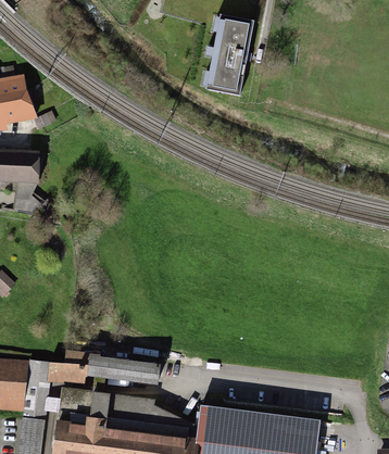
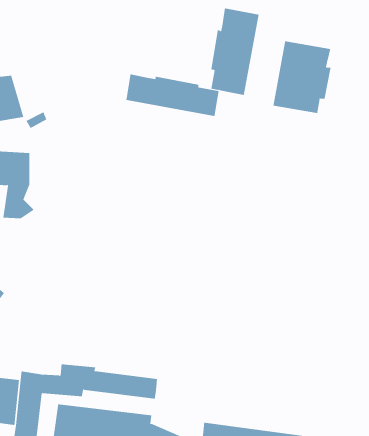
building: none -> [273,40,331,114]
building: none -> [126,73,219,117]

